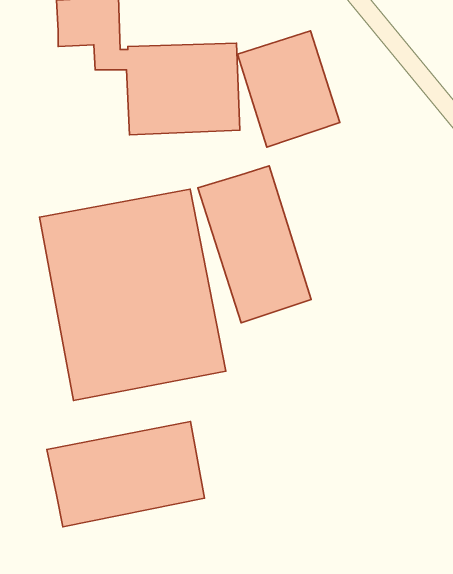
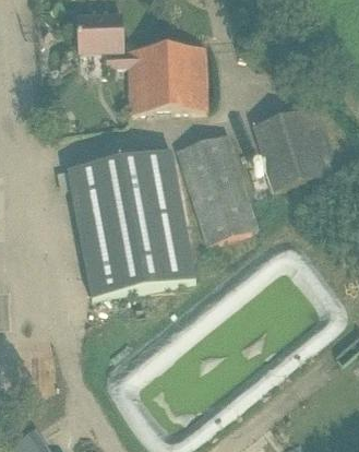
building: [237,31,340,147] -> [253,106,325,188]
building: [47,422,205,527] -> none

